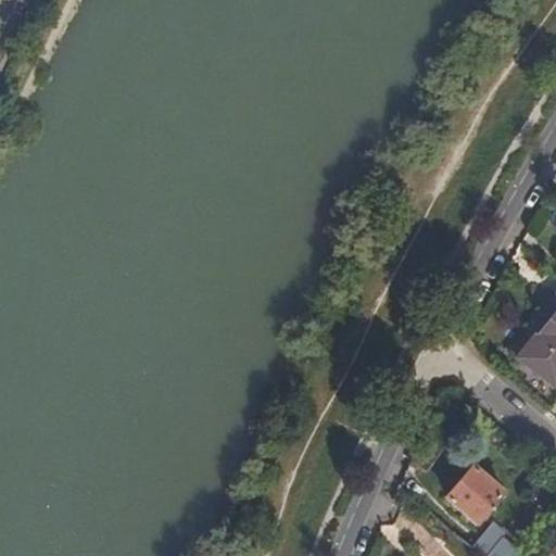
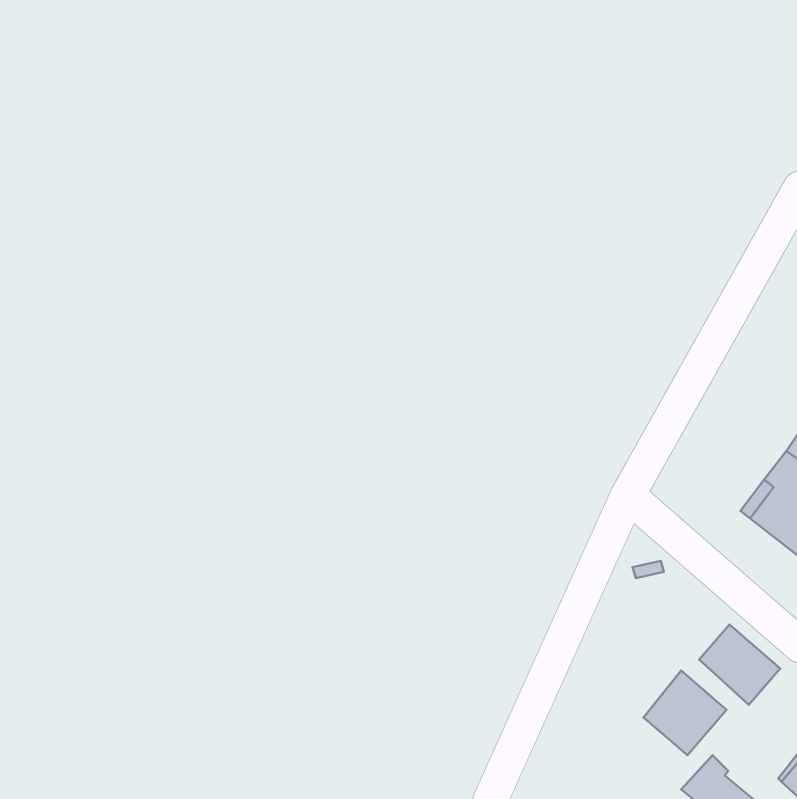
building: none -> [699,625,780,705]

